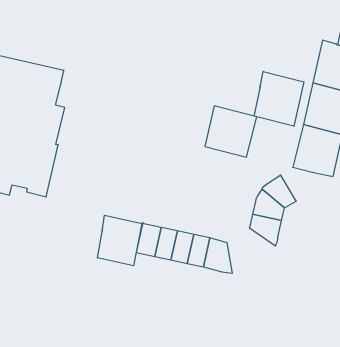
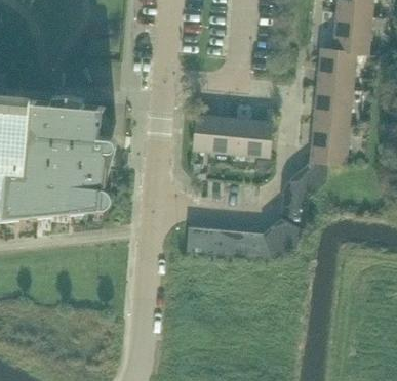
building: [254,71,304,126] -> none
building: none -> [194,114,235,153]
building: none -> [301,160,328,188]
building: [97,215,142,266] -> none
building: none -> [263,217,305,258]

